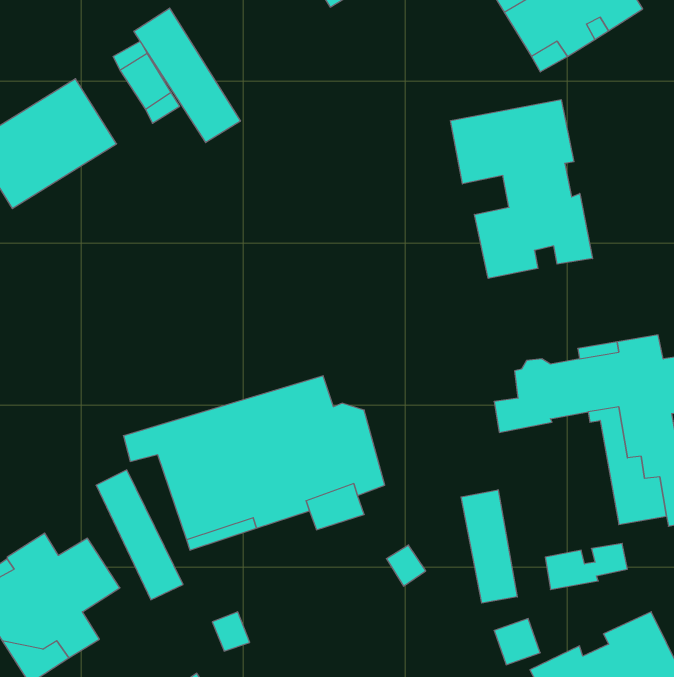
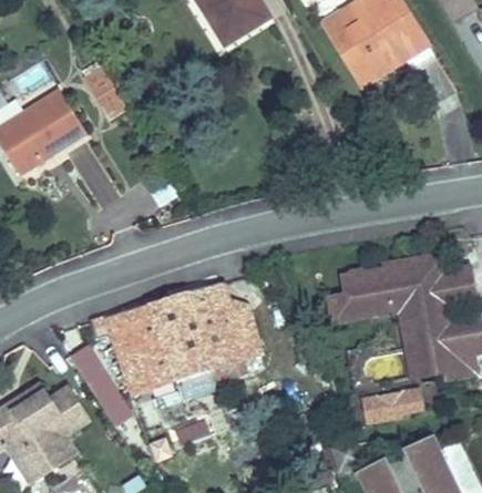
building: [134,8,240,143] -> none
building: [451,100,593,278] -> none
building: [461,490,517,603] -> none

